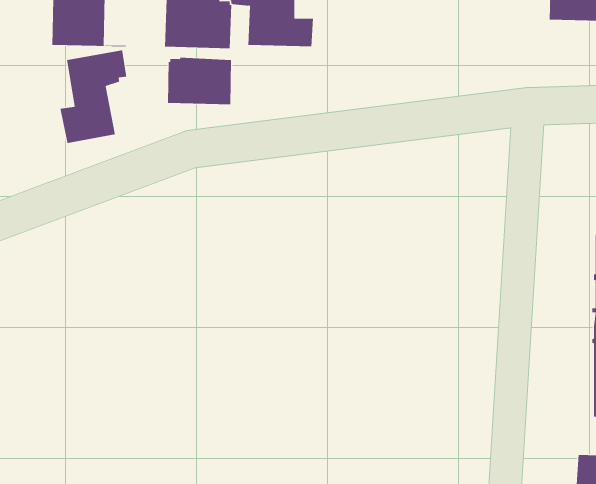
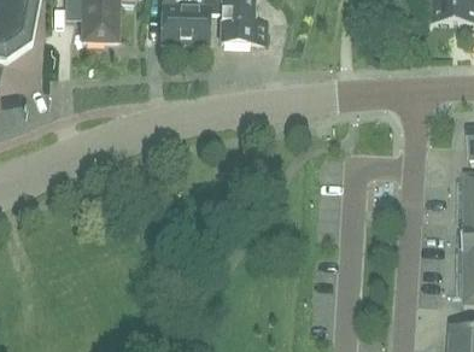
building: [60,50,127,144] -> none
building: [168,57,232,105] -> none

